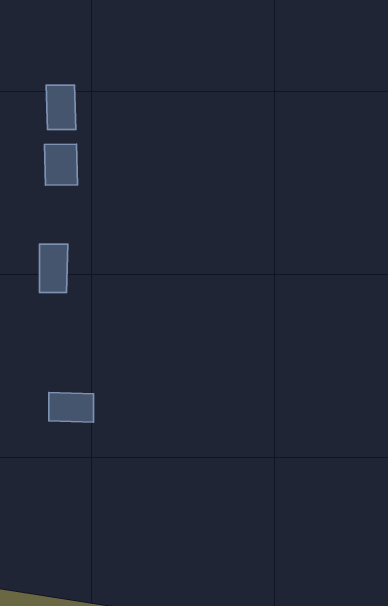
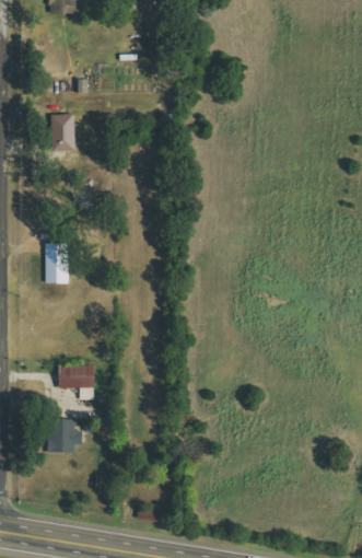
building: [44,144,78,185] -> none
building: none -> [44,418,78,452]

